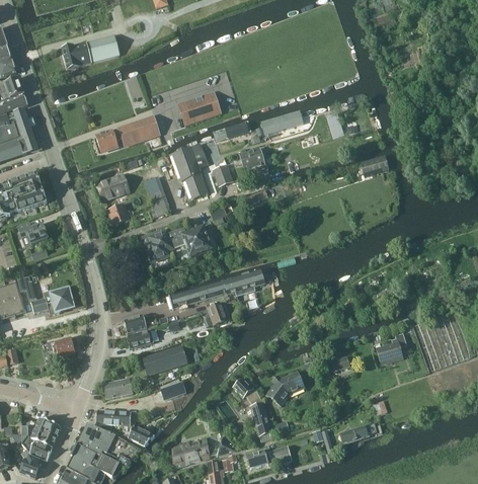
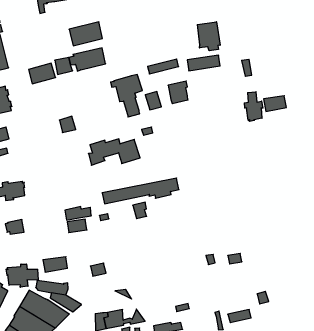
building: none -> [197,22,220,51]
building: [177,92,220,125] -> [69,22,102,46]
building: none -> [244,92,263,121]
building: [95,174,130,201] -> [29,63,56,84]
building: [144,176,170,219] -> none
building: [376,333,406,365] -> none
building: [142,346,185,375] -> none
building: [266,373,302,406] -> none
building: [232,378,271,440] -> none
building: none -> [6,264,38,287]

